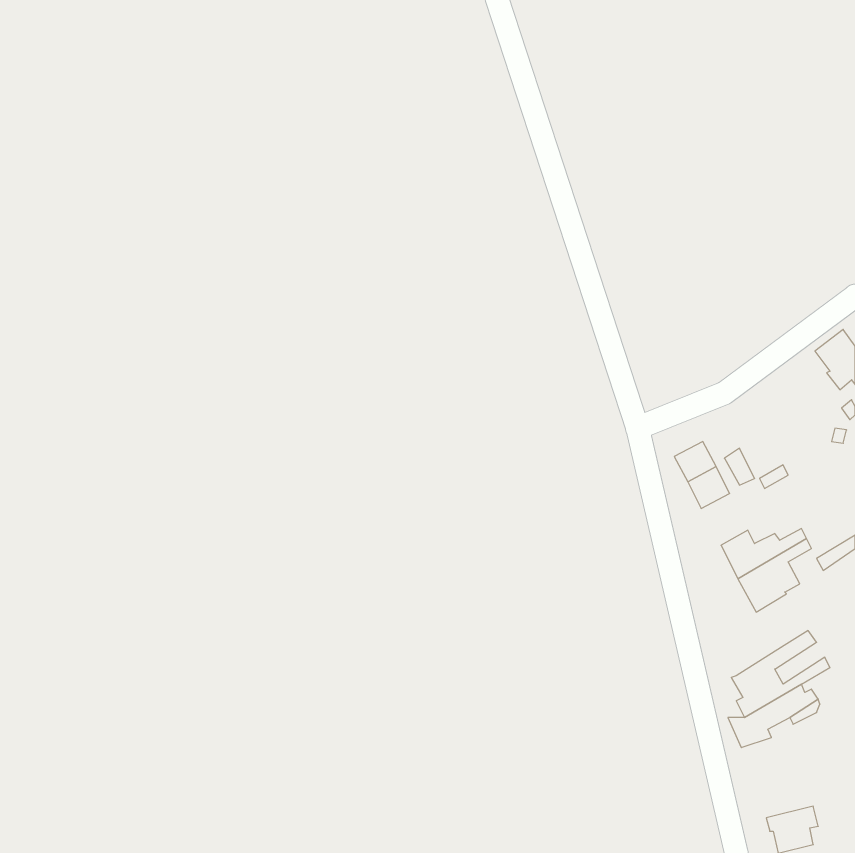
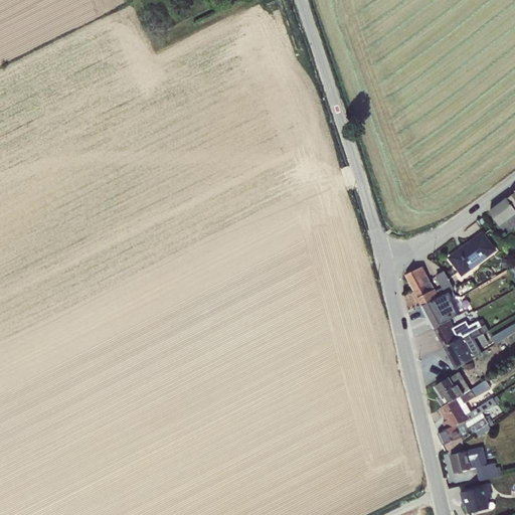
building: none -> [449,232,496,276]
building: none -> [421,292,458,328]
building: none -> [436,371,470,406]
building: none -> [451,446,502,480]

